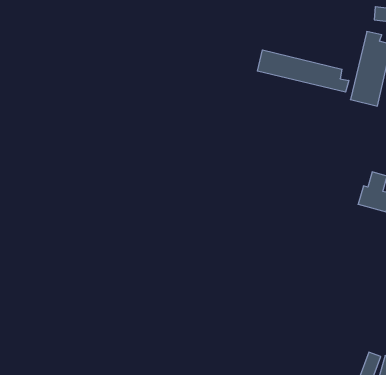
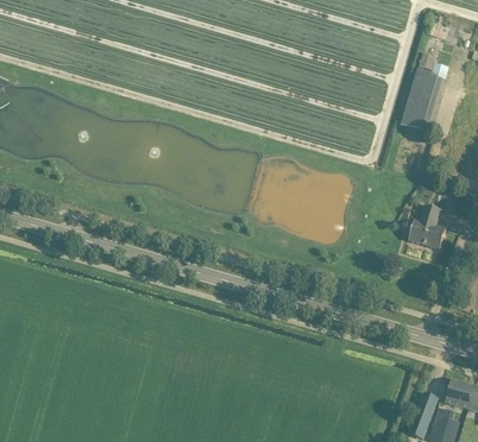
building: [257,50,349,92] -> none

